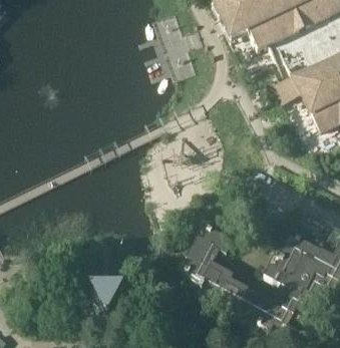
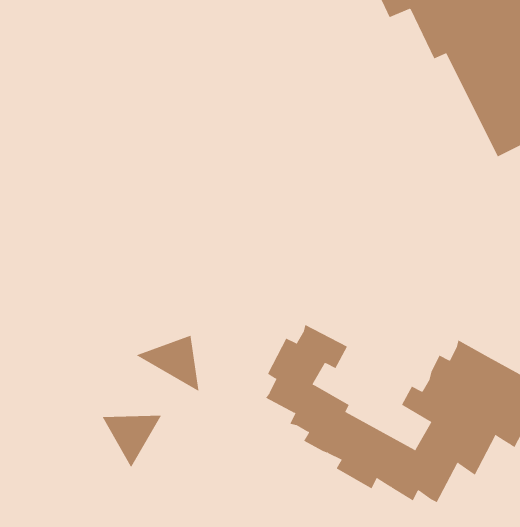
building: none -> [135,335,199,392]

